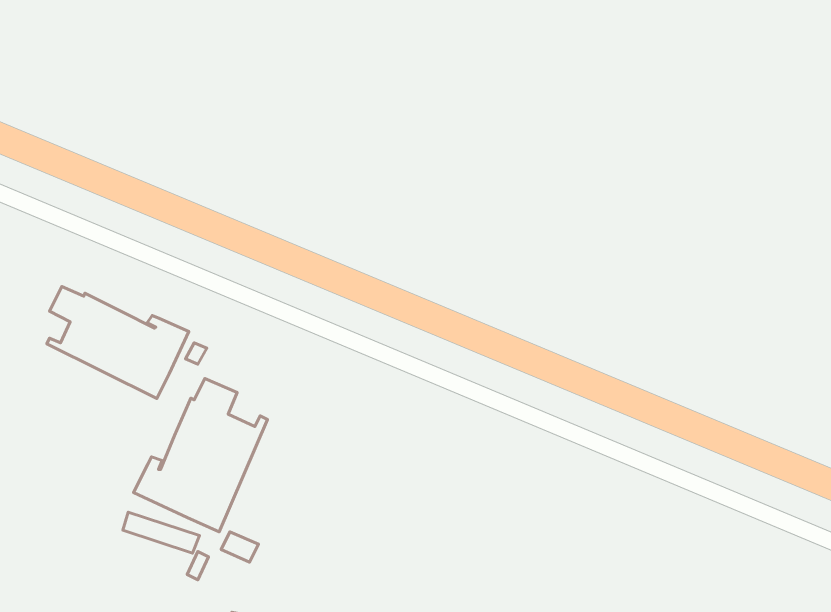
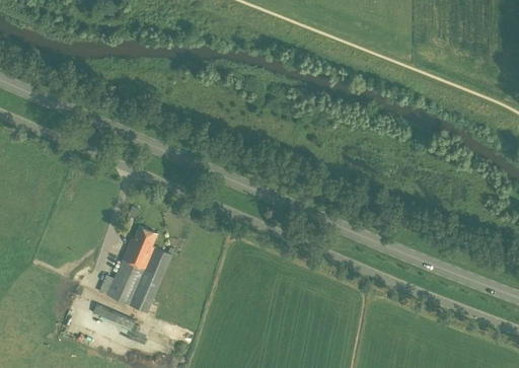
building: [47,286,189,399] -> none

